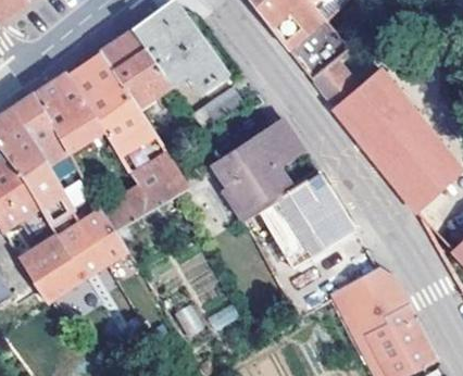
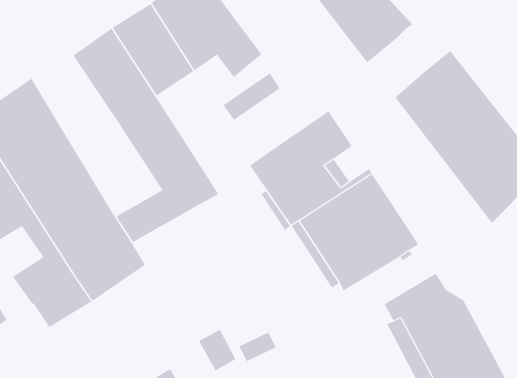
building: [312,60,359,109] -> none
building: [34,71,105,152] -> none

